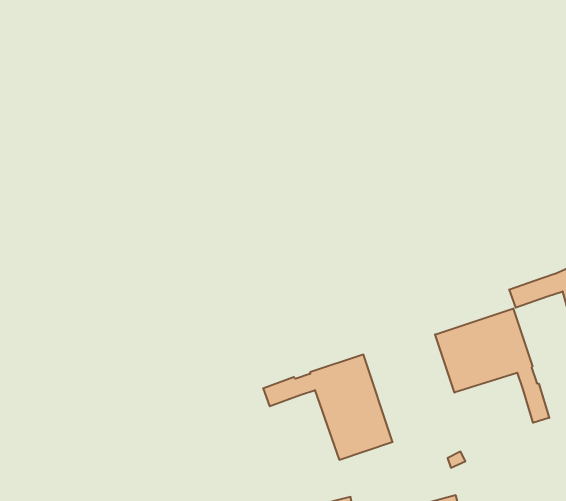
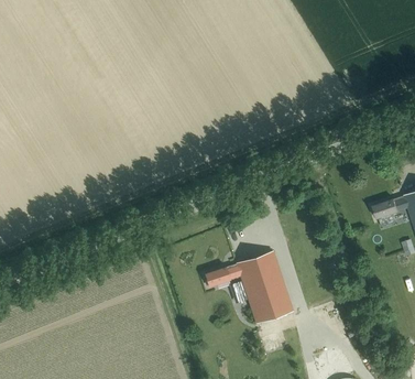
building: [435,308,549,423] -> none

